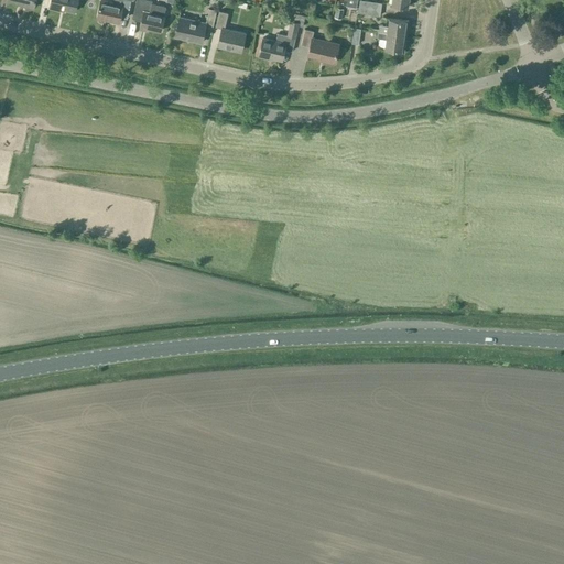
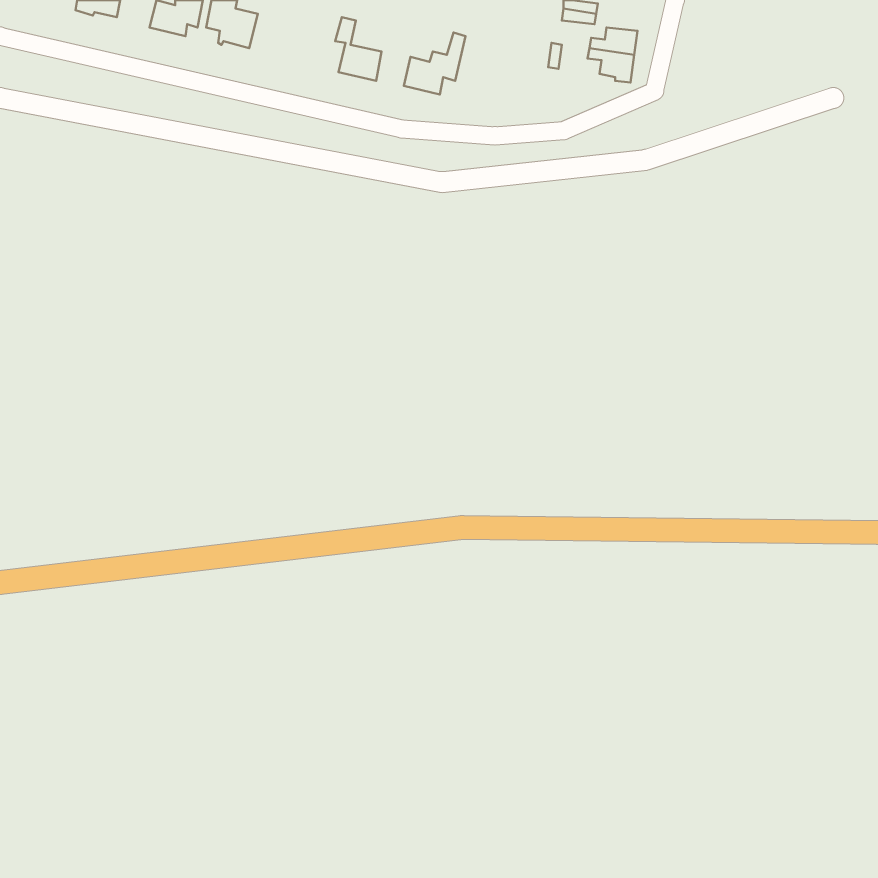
building: [174,9,216,42] -> none
building: [301,29,338,63] -> none

